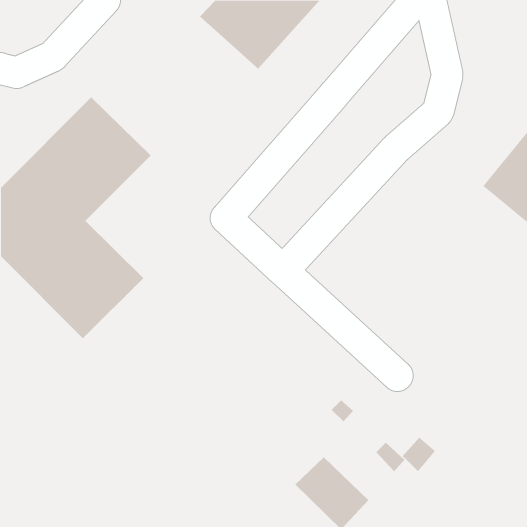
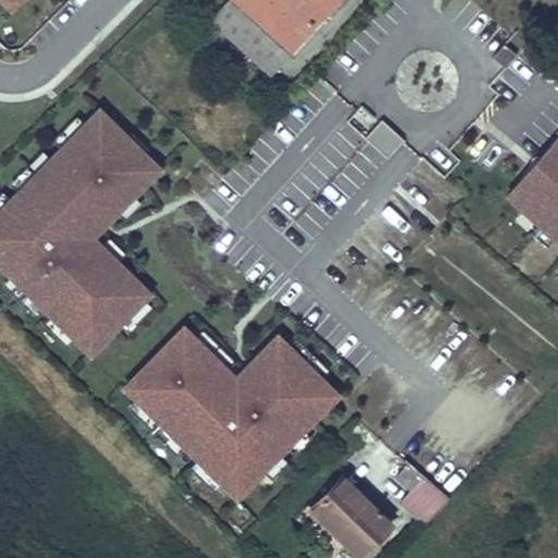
building: none -> [119,323,342,502]

